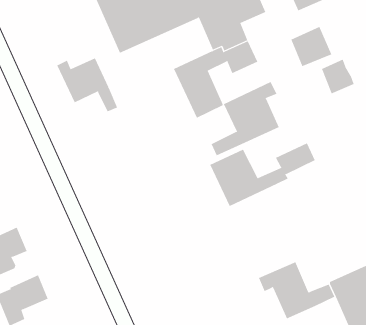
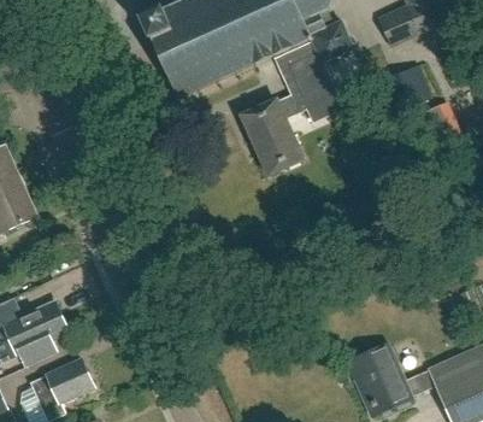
building: [56,57,118,112] -> none
building: [211,81,279,156] -> none
building: [210,142,315,207] -> none

